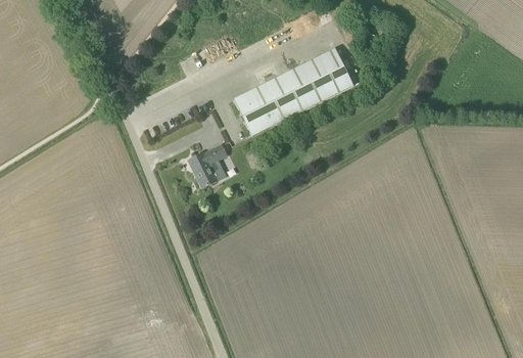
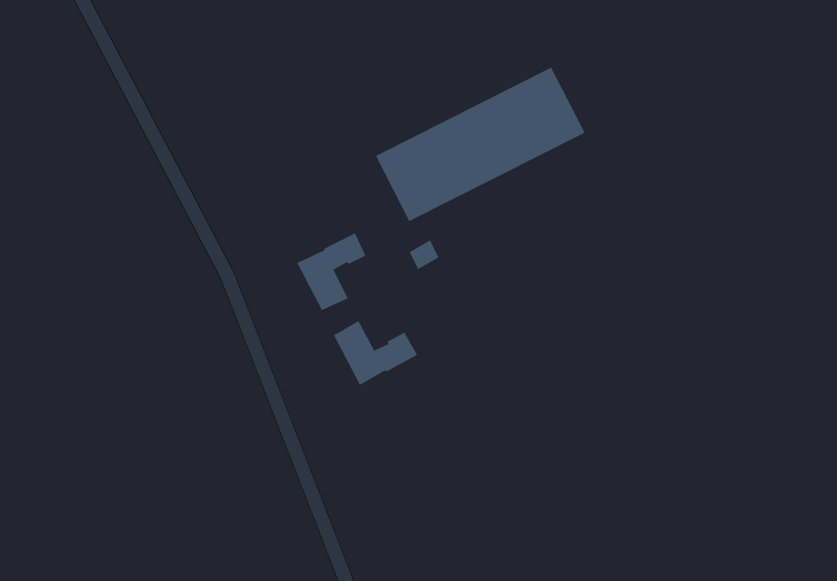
building: none -> [333,320,418,386]

